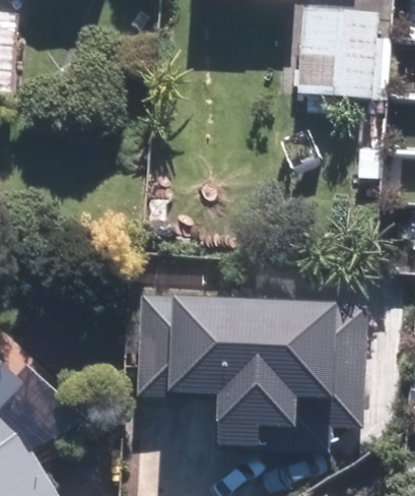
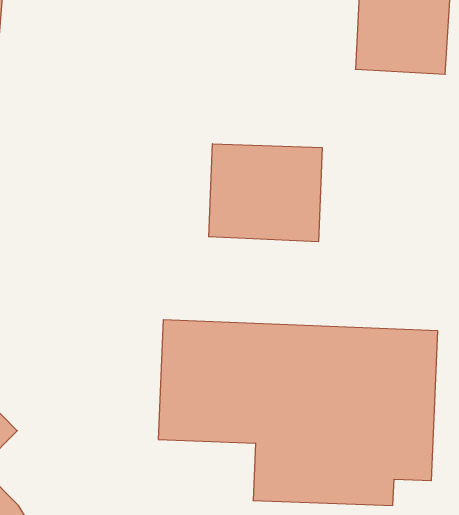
building: none -> [209,144,322,242]

